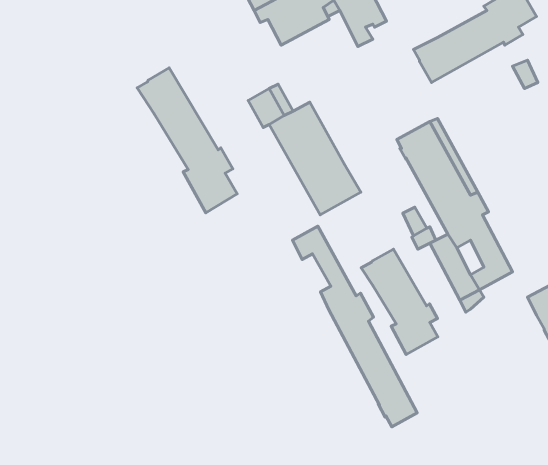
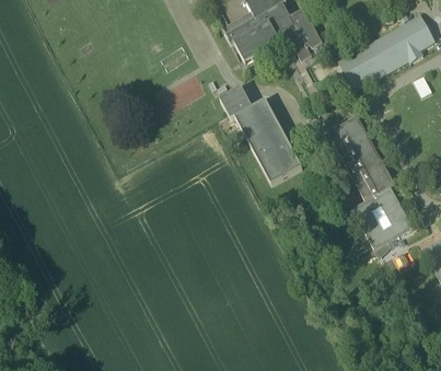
building: [137,68,237,213] -> none
building: [292,226,417,427] -> none
building: [361,249,438,354] -> none

